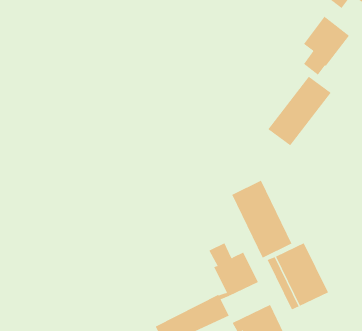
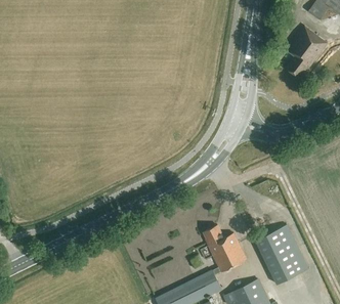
building: [268,76,331,146] -> none
building: [231,180,292,259] -> none

